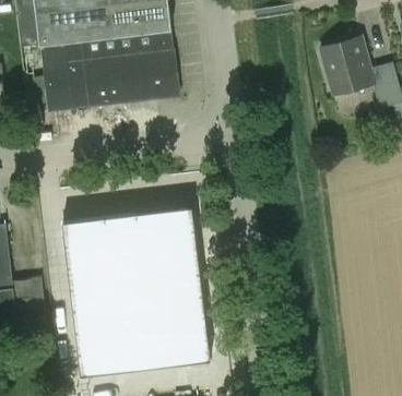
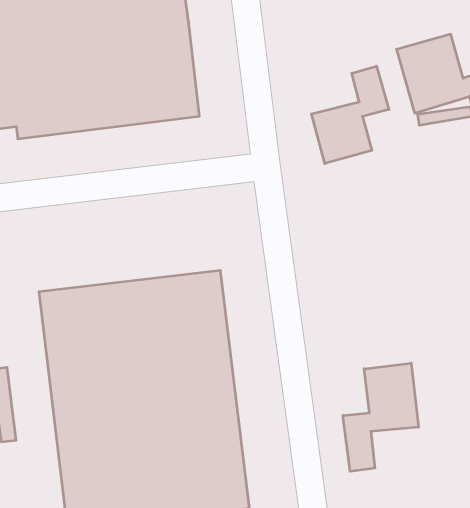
building: none -> [311,66,389,164]
building: none -> [343,363,419,471]

